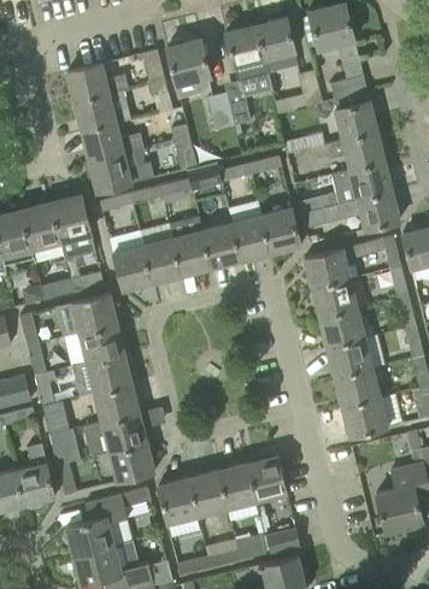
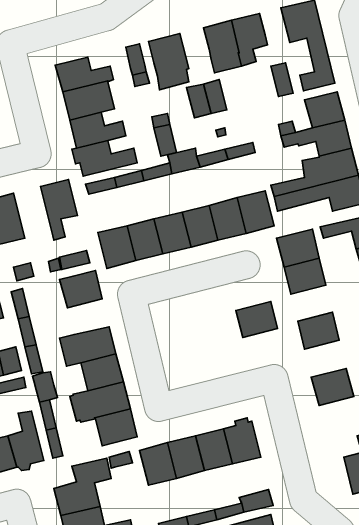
building: [22,202,64,263] -> none
building: [319,308,364,347] -> [236,302,278,338]
building: [80,323,124,361] -> none
building: [334,367,378,407] -> none

